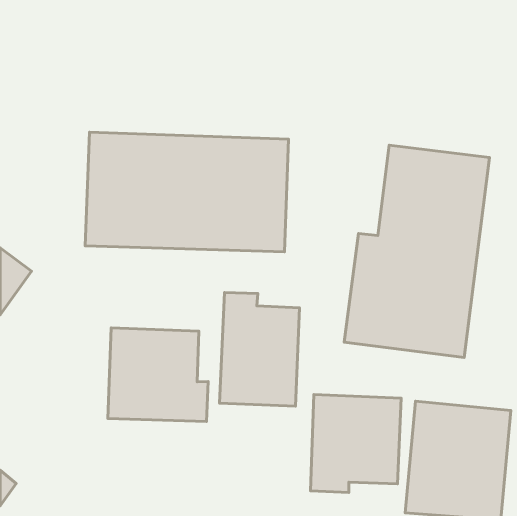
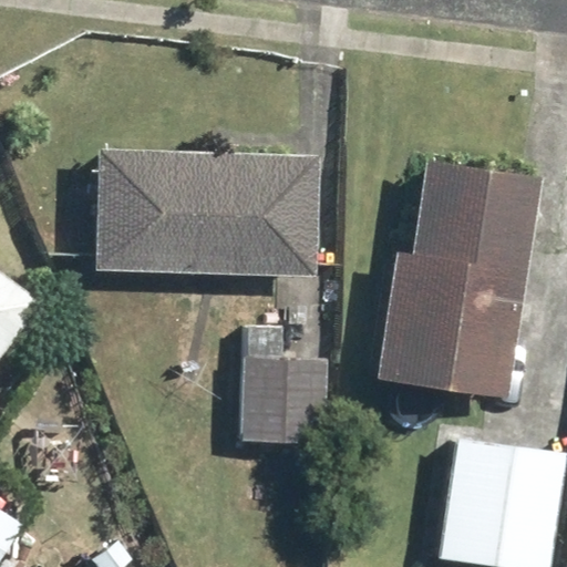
building: [108,328,208,421] -> none
building: [311,395,401,493] -> none

